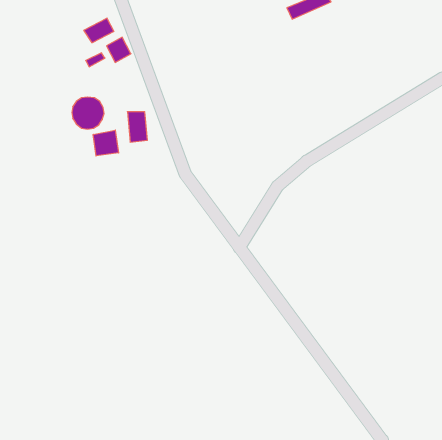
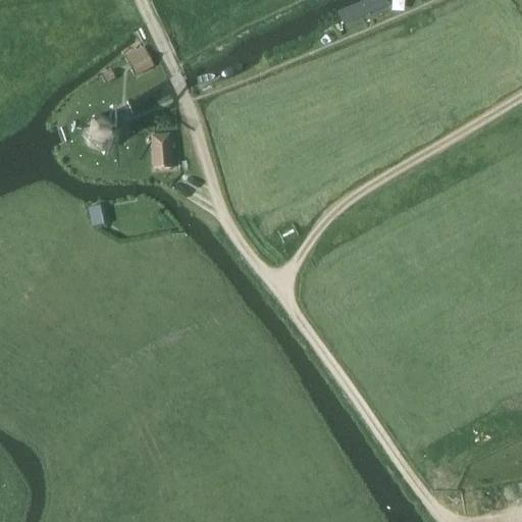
building: [84,18,114,43] -> none
building: [93,130,119,156] -> none

